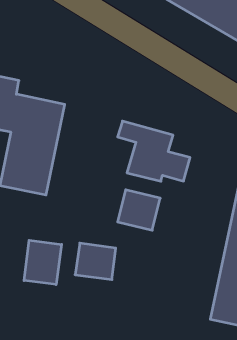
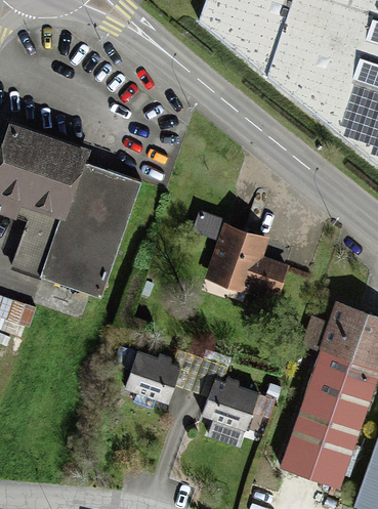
building: [118,190,160,230] -> [200,383,255,436]
building: [24,240,62,285] -> none

